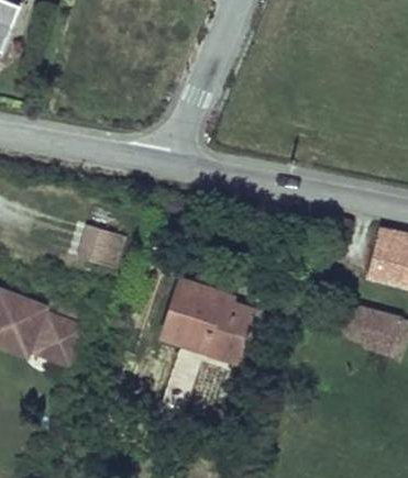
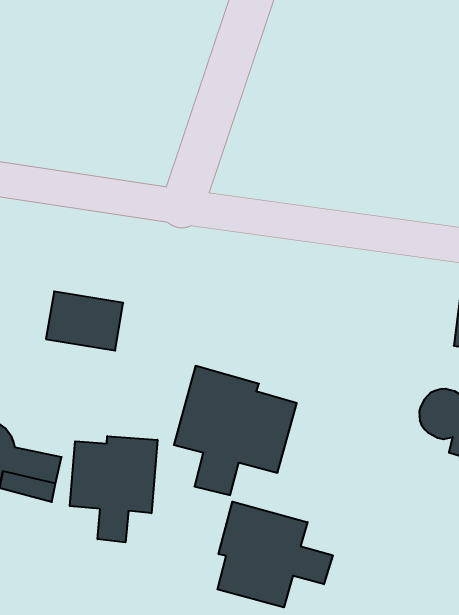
building: none -> [70,436,157,542]
building: none -> [217,502,333,607]

